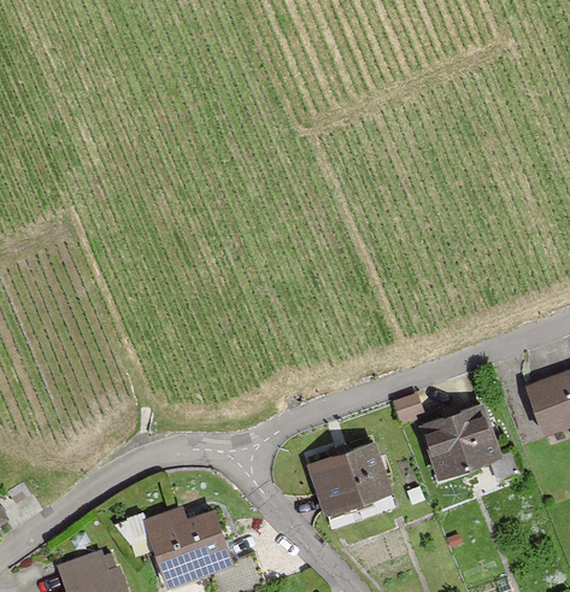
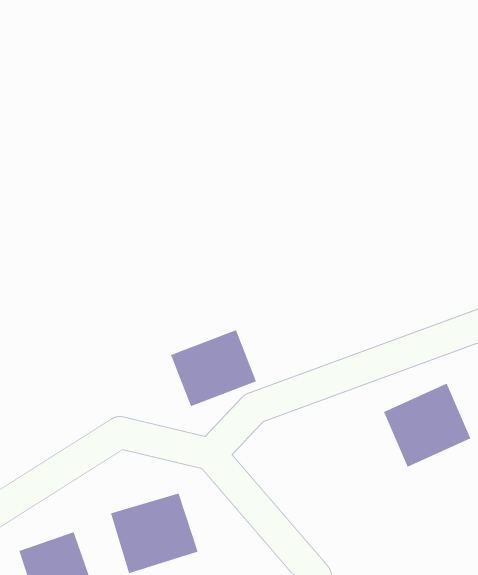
building: [307,441,394,518] -> [170,330,257,407]

